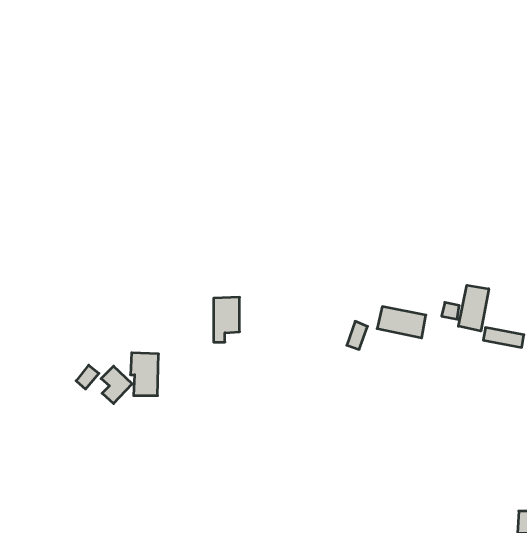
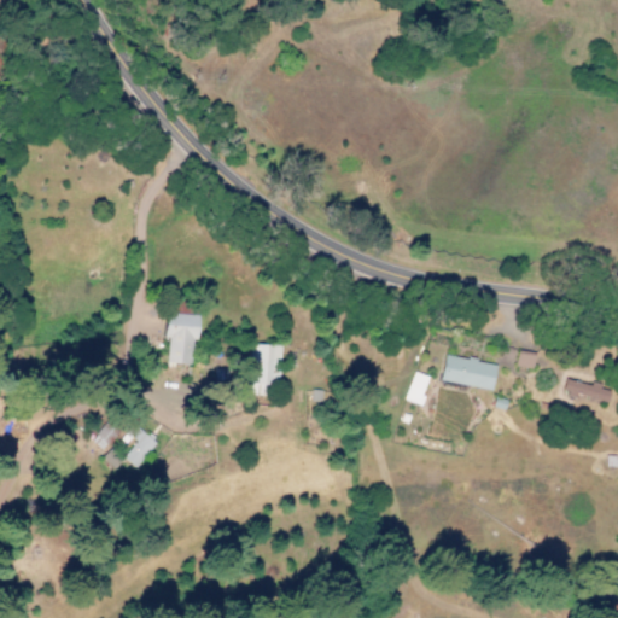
building: [458,285,489,331] -> none
building: [130,353,159,396] -> [165,314,198,363]

